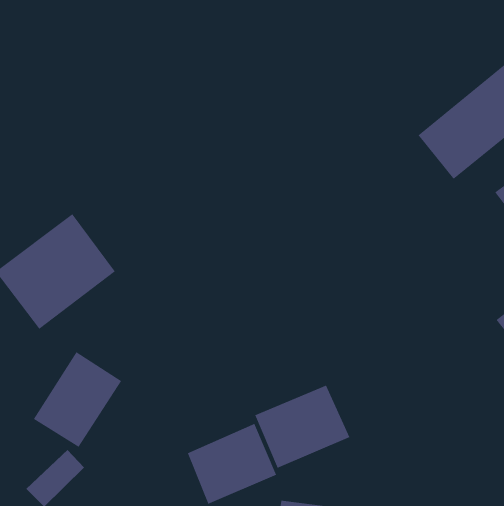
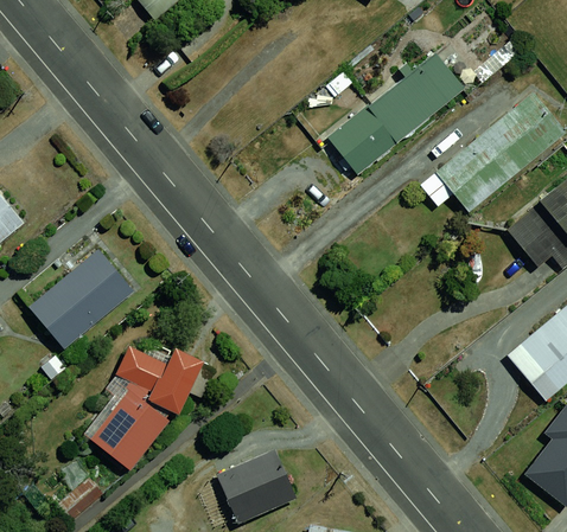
building: none -> [325,51,466,171]
building: none -> [127,334,212,414]
building: [254,384,350,469] -> none

